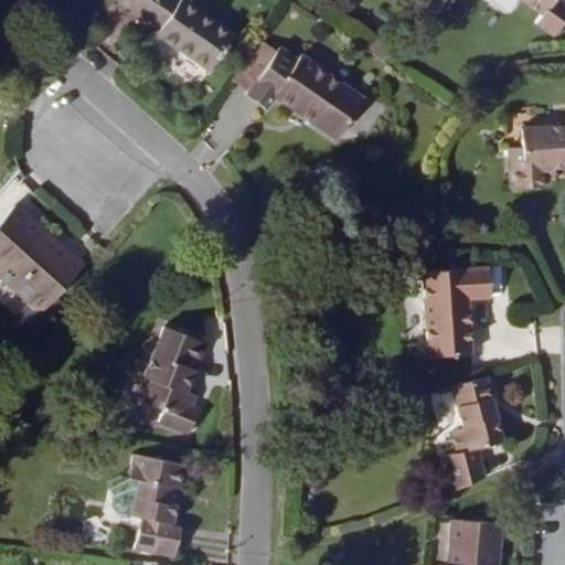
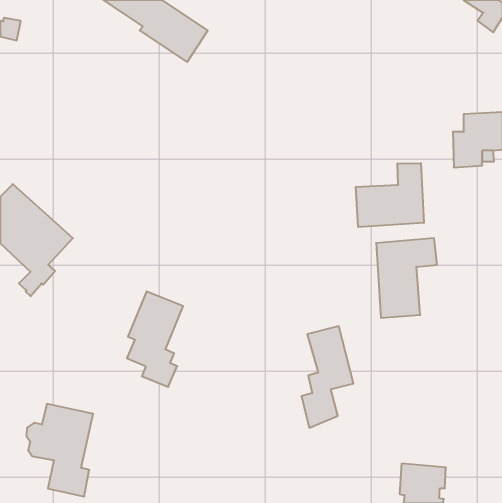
building: [236,44,364,138] -> none
building: none -> [356,163,424,227]
building: [445,377,503,491] -> [301,326,354,428]
building: [110,455,185,558] -> [26,404,93,497]

